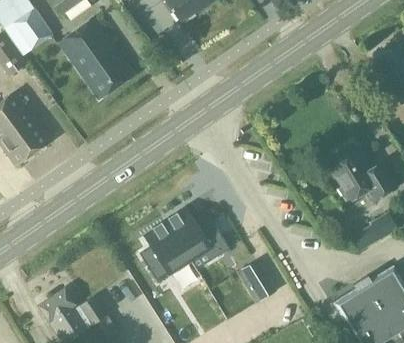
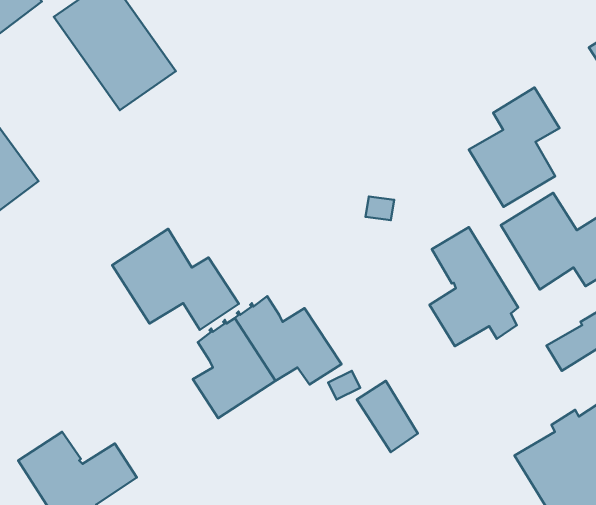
building: none -> [469,88,559,207]
building: none -> [430,227,518,346]
building: none -> [112,229,239,330]

